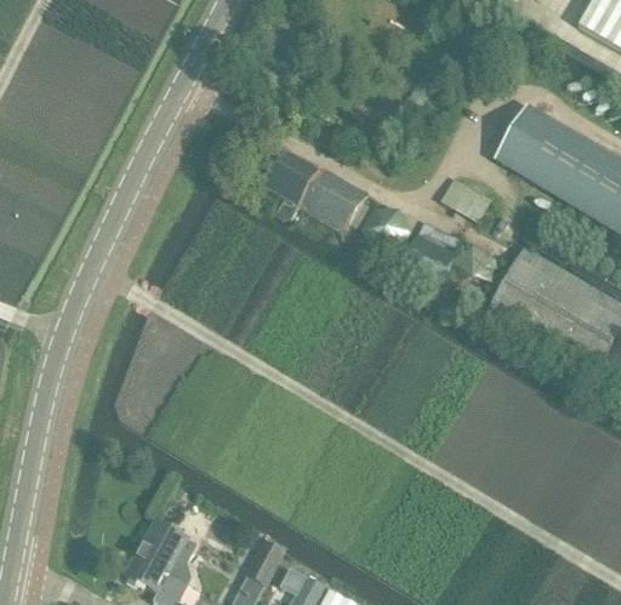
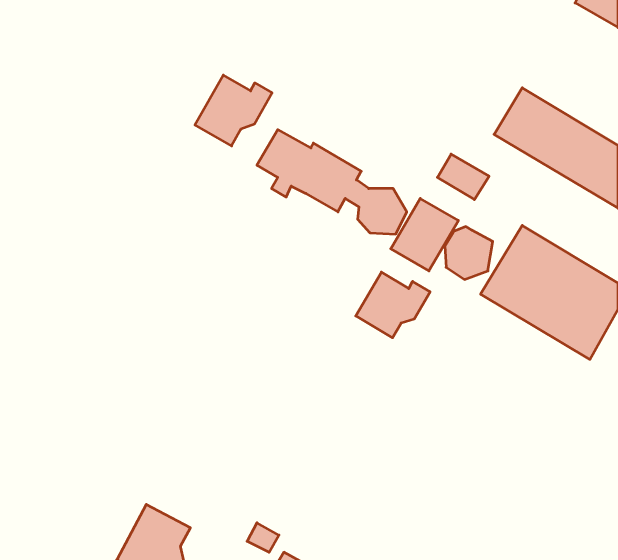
building: none -> [195,75,272,146]
building: none -> [356,272,430,338]

